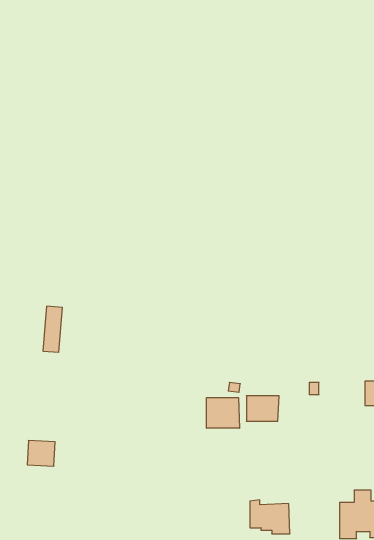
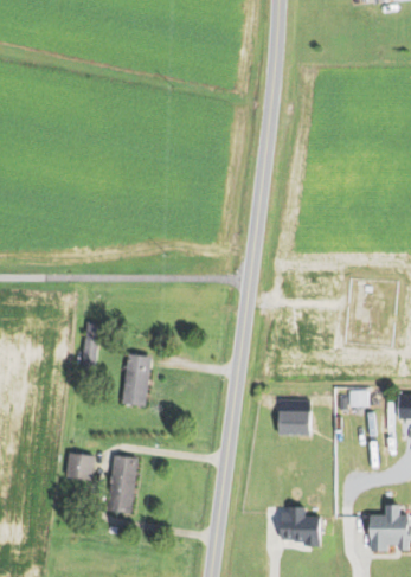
building: none -> [121,353,150,405]
building: [207,398,240,428] -> none
building: none -> [105,455,137,513]

